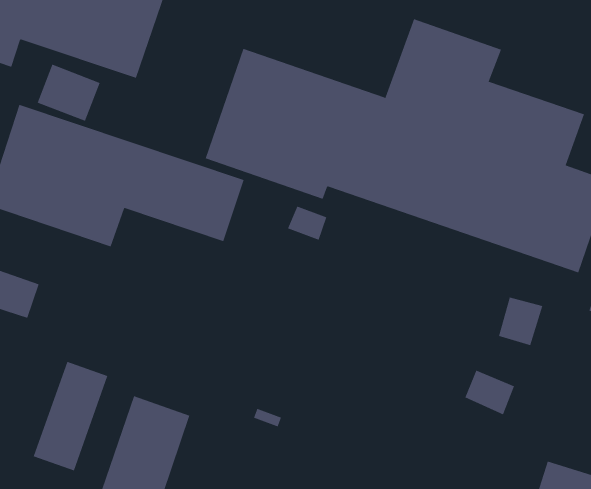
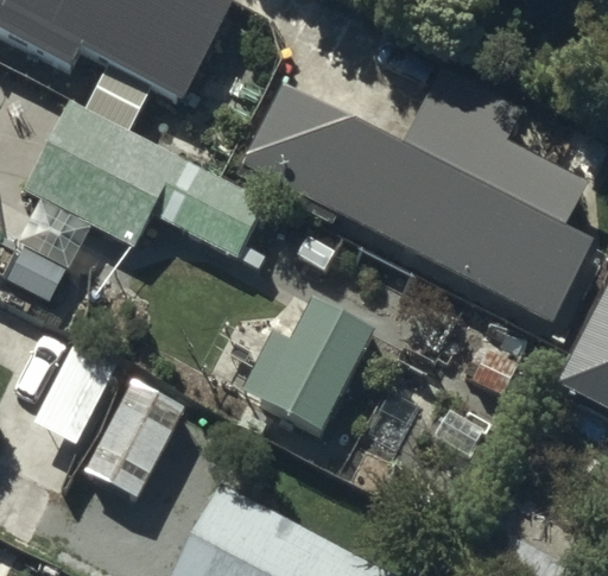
building: none -> [243,299,376,432]

